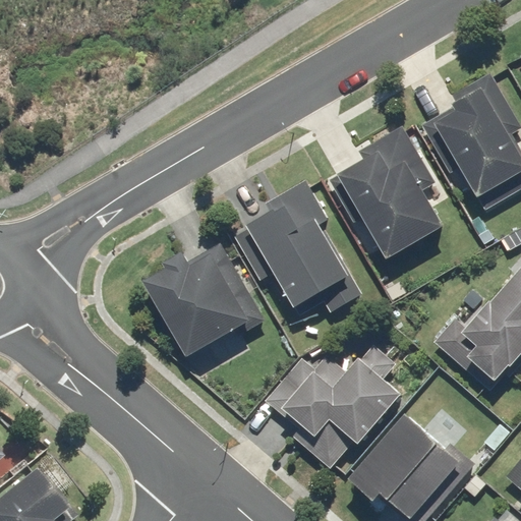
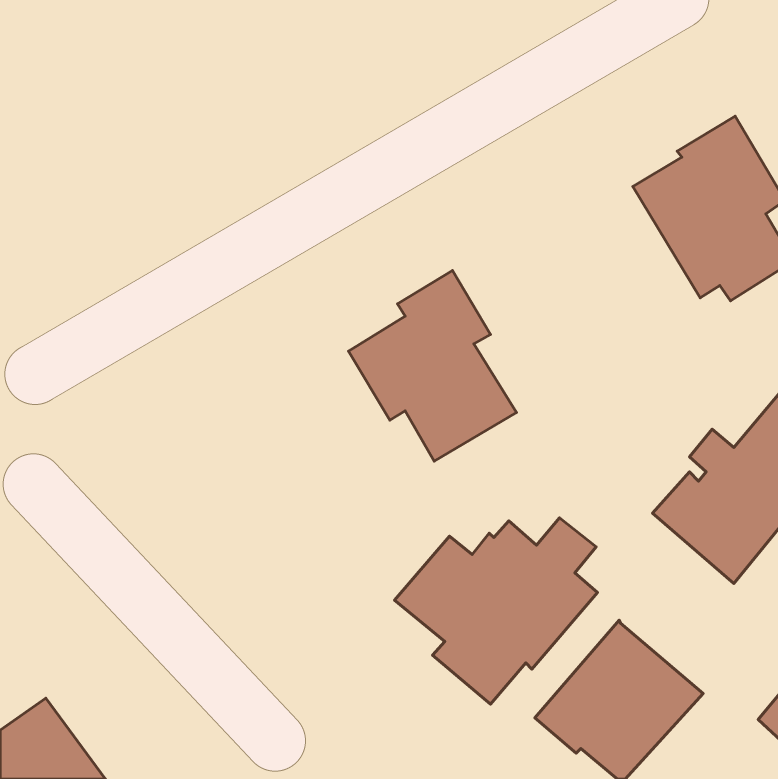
building: [331,127,442,258] -> none
building: [139,241,269,361] -> none

